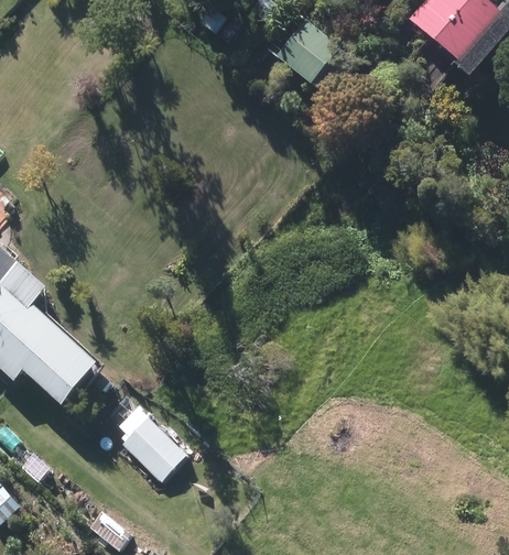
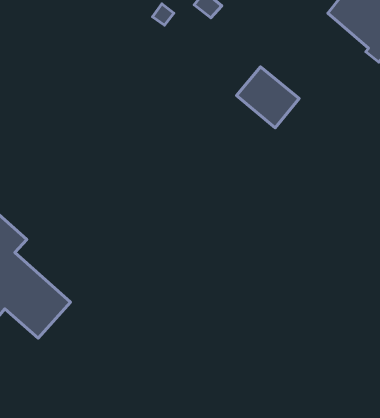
building: [264,9,339,81] -> [236,67,299,128]
building: [116,406,186,482] -> none

